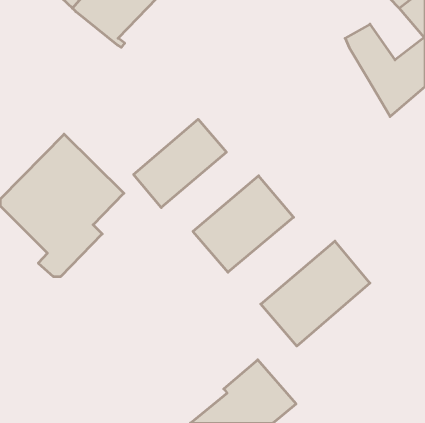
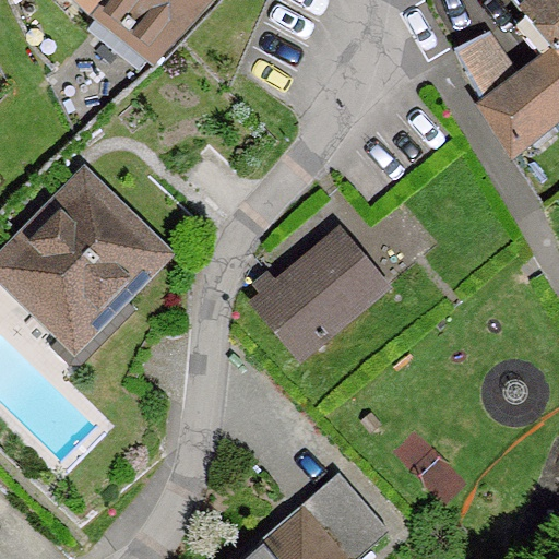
building: [134,119,226,208] -> none
building: [261,241,370,346] -> none

